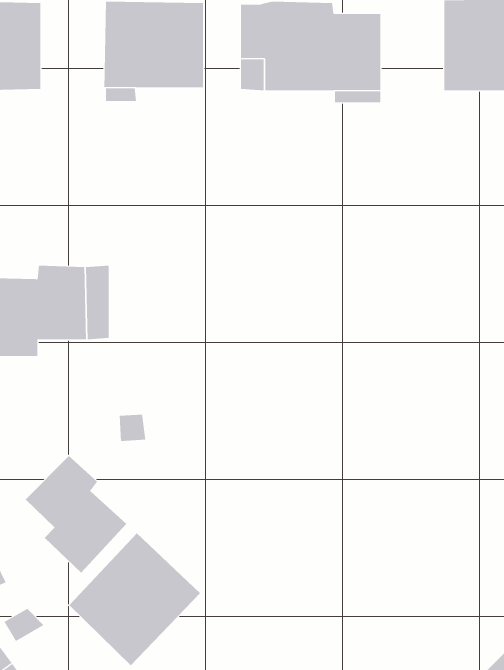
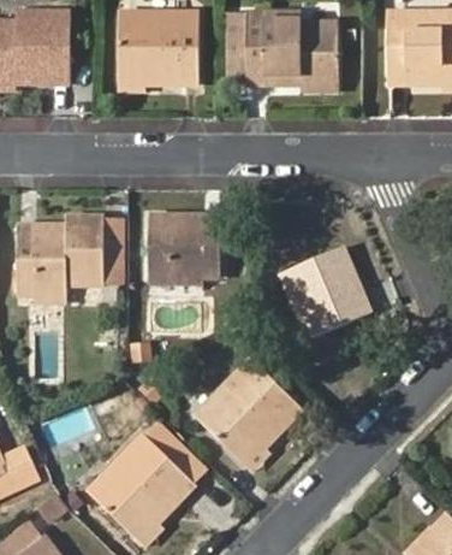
building: none -> [148,214,220,276]
building: none -> [286,246,370,336]
building: none -> [196,358,304,466]
building: [25,455,127,574] -> none

